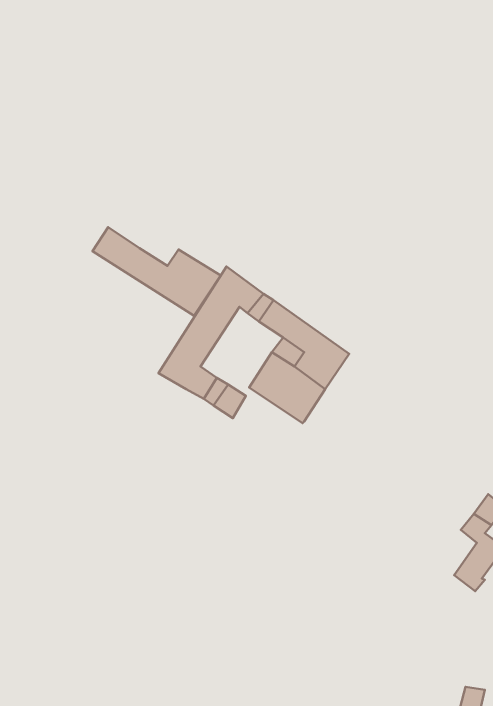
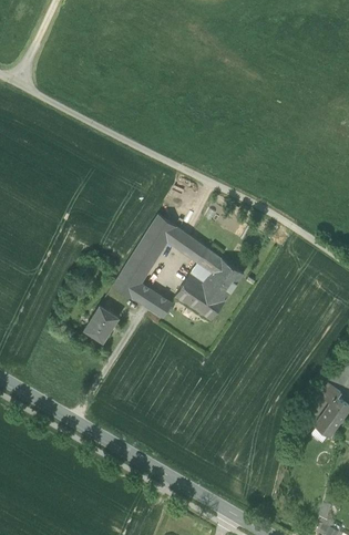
building: [93,227,221,316] -> none
building: none -> [84,306,119,341]

